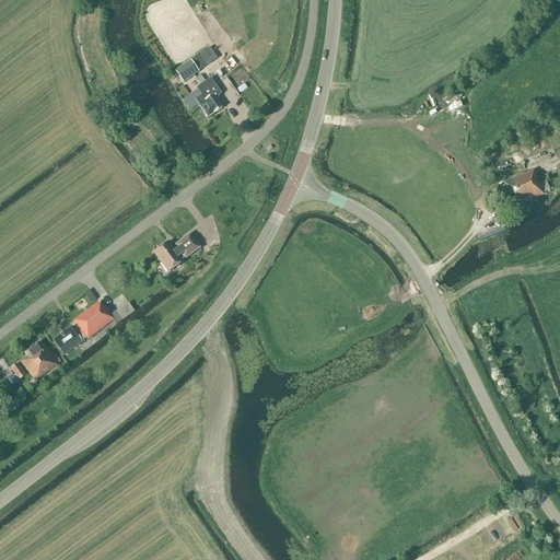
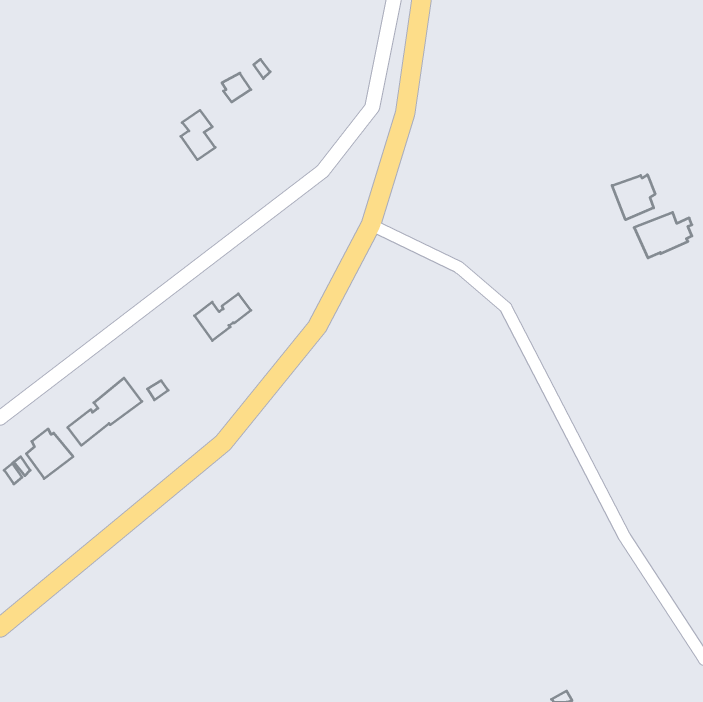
building: [196,77,223,116] -> [181,110,215,160]
building: none -> [612,175,655,220]

